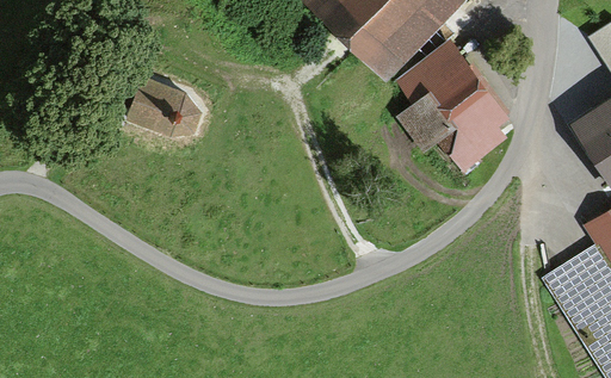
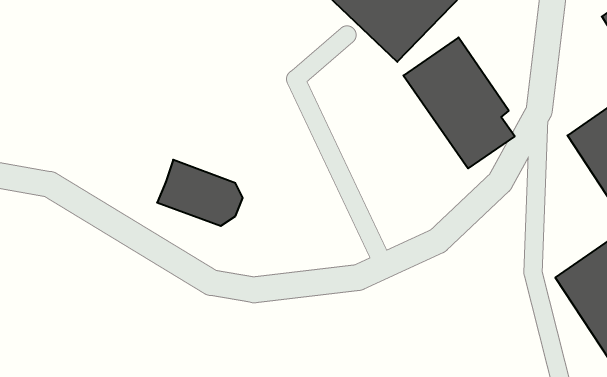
building: [128,79,211,143] -> [157,160,243,226]

